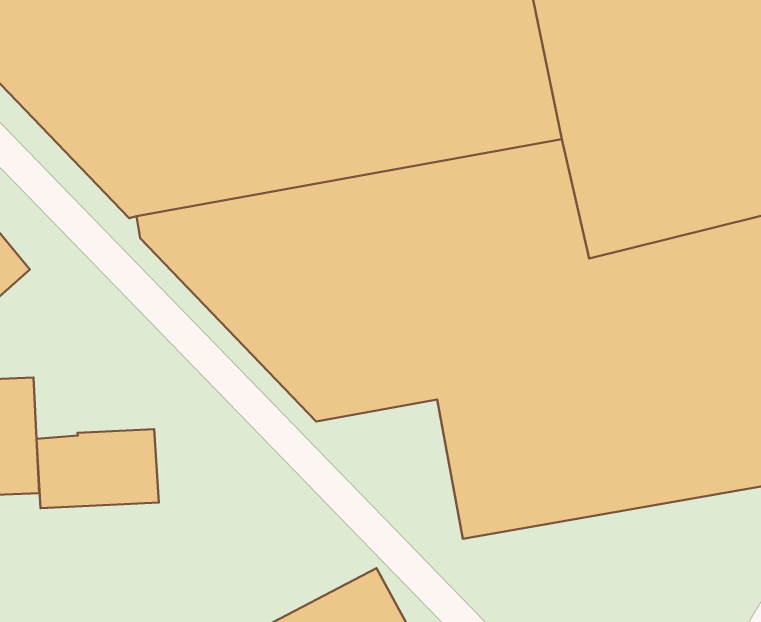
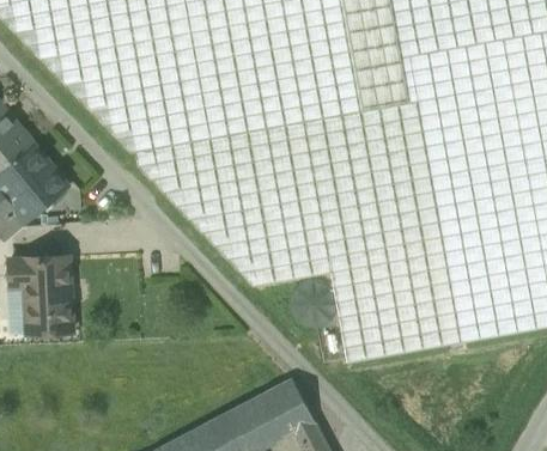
building: [37,429,159,508] -> none

